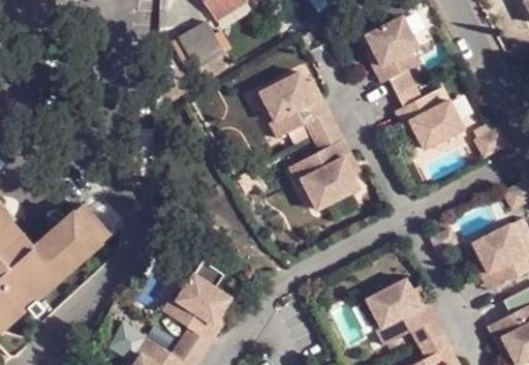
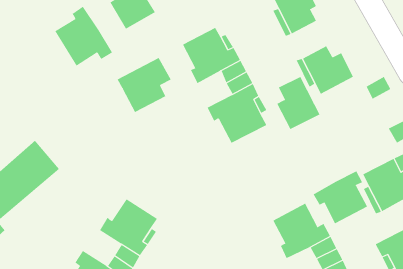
building: none -> [54,6,113,66]
building: none -> [117,57,171,113]
building: none -> [277,76,320,130]
building: none -> [313,170,368,224]

